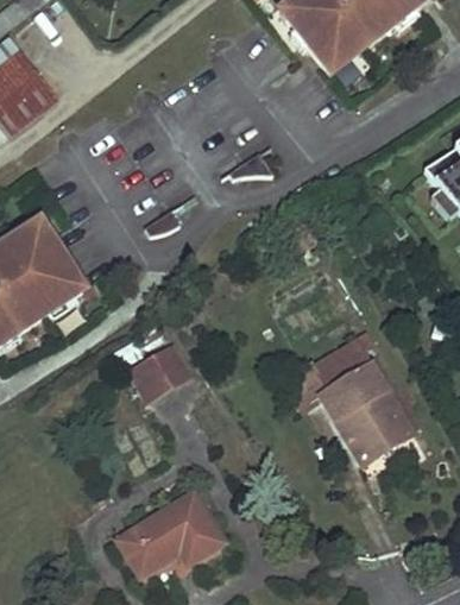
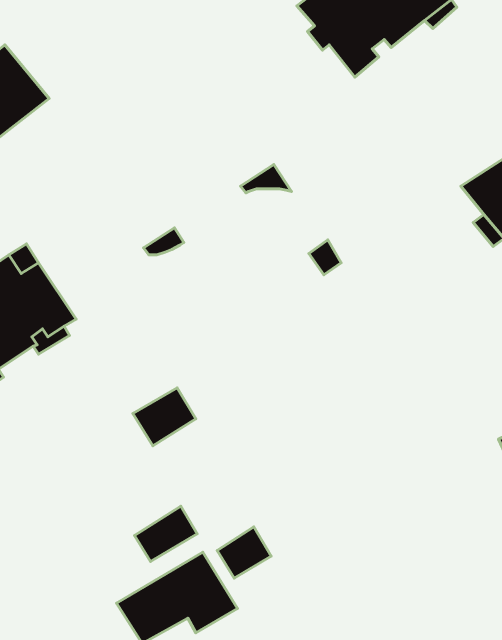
building: [314,338,414,462] -> none
building: none -> [135,506,197,561]
building: none -> [217,527,271,578]

